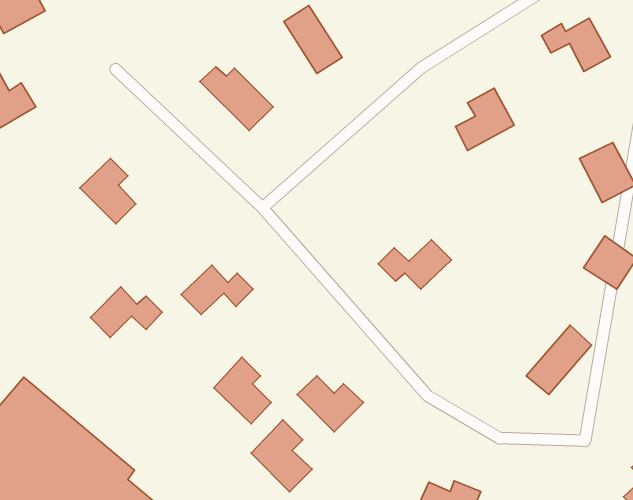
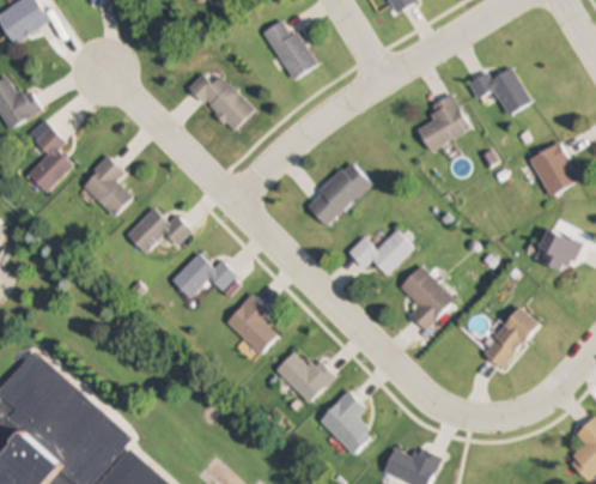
building: [541,18,611,71] -> [469,67,531,115]
building: none -> [28,127,73,193]
building: none -> [305,162,370,226]
building: none -> [400,266,455,331]
building: [90,287,162,337] -> [126,207,190,253]
building: [214,357,271,424] -> [226,294,278,353]
building: [251,420,312,492] -> [318,391,373,455]

